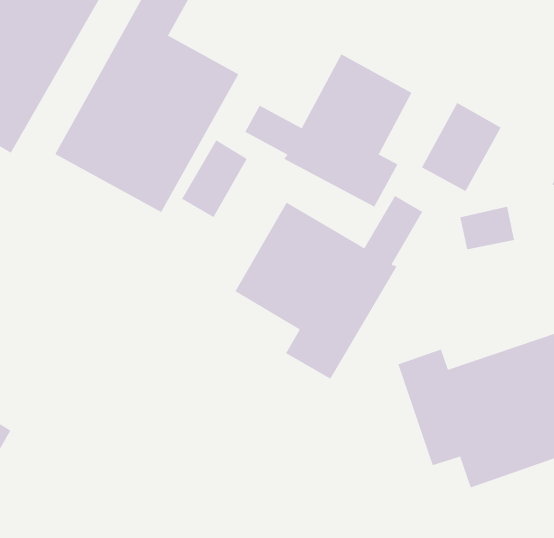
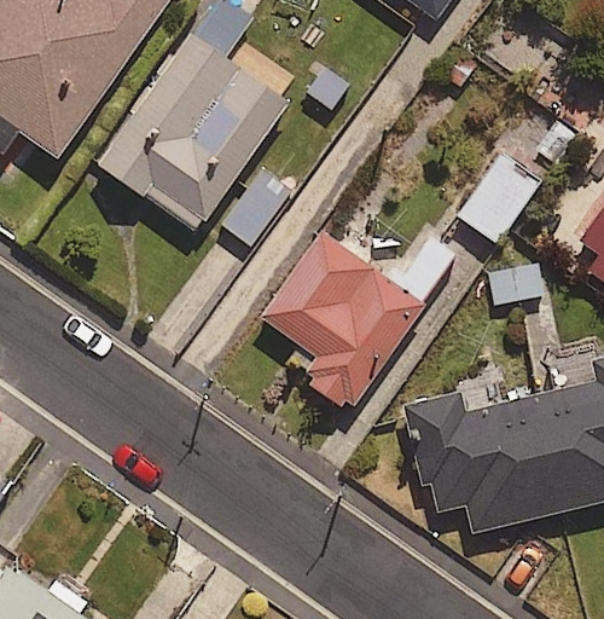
building: [245,54,412,208] -> none

